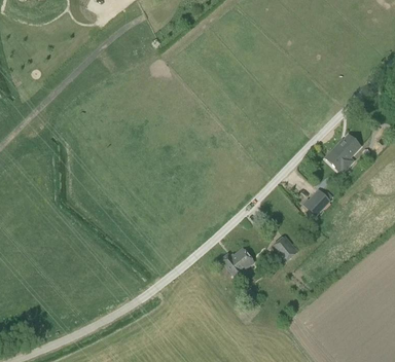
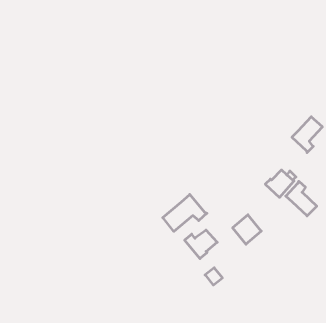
building: none -> [286,181,317,216]
building: none -> [163,194,207,231]

